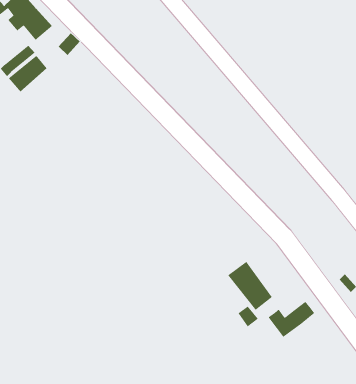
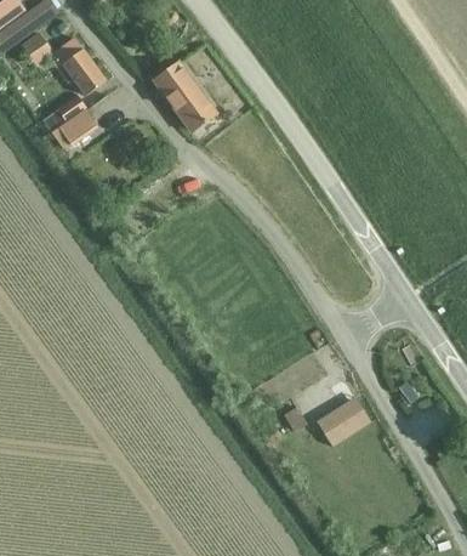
building: none -> [155,61,215,130]
building: [227,261,273,311] -> none

